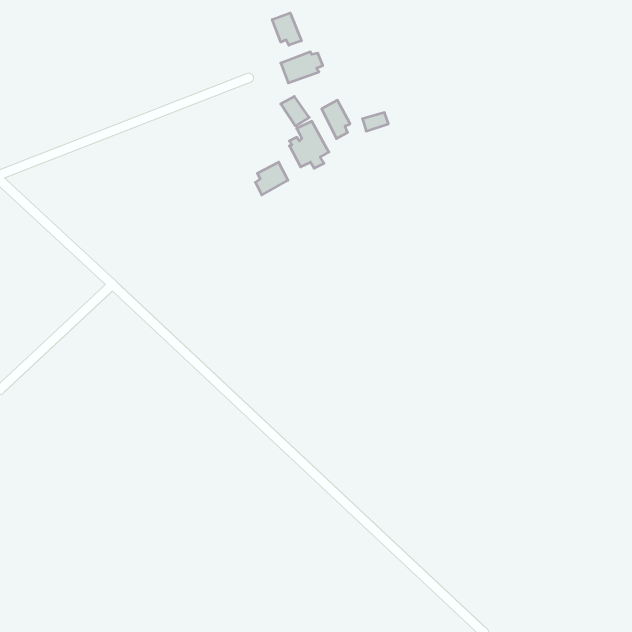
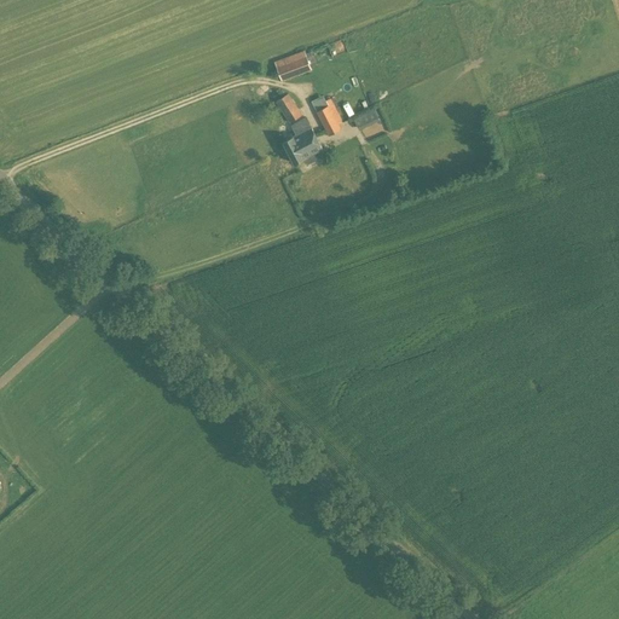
building: [272,13,301,45] -> none
building: [255,162,288,195] -> none

